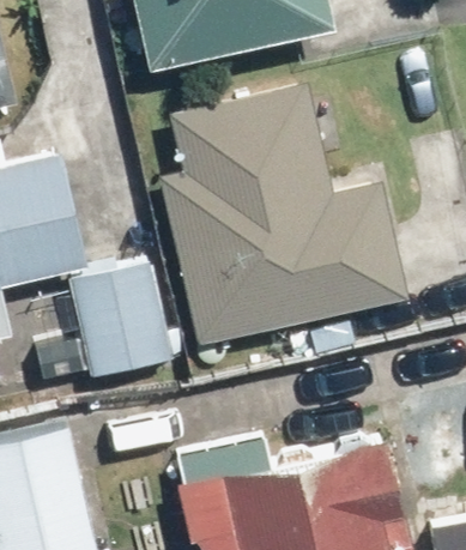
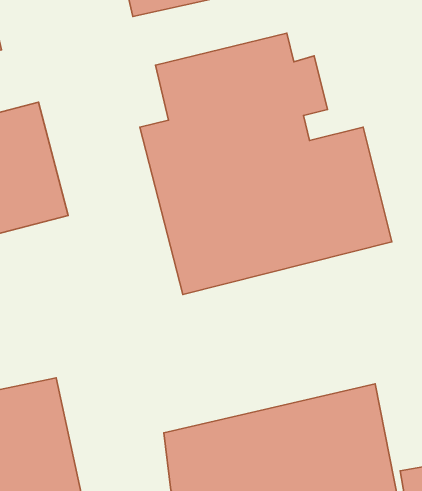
building: [66,255,186,380] -> none

